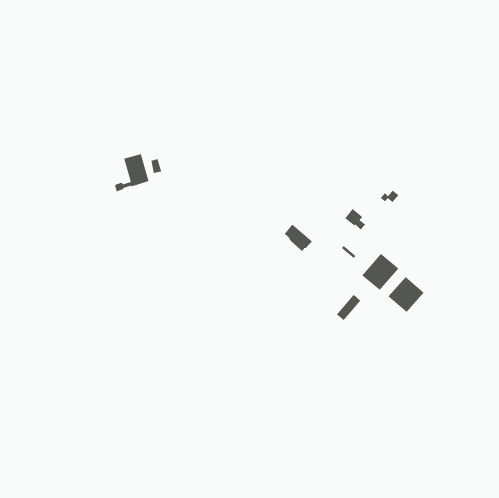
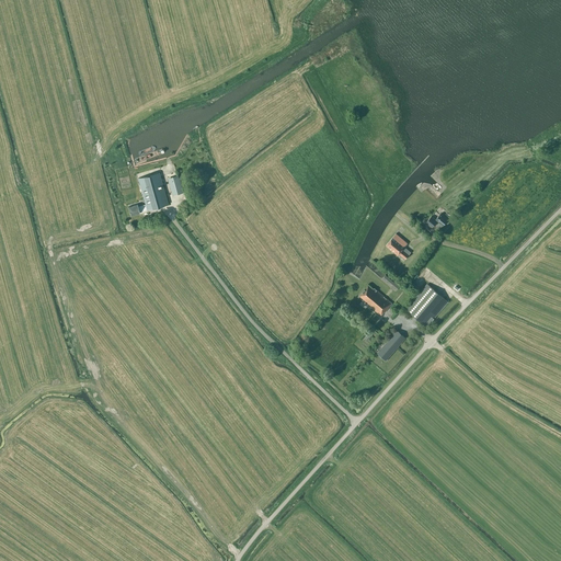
building: [283,224,313,252] -> [359,285,392,317]
building: [388,276,425,313] -> none

